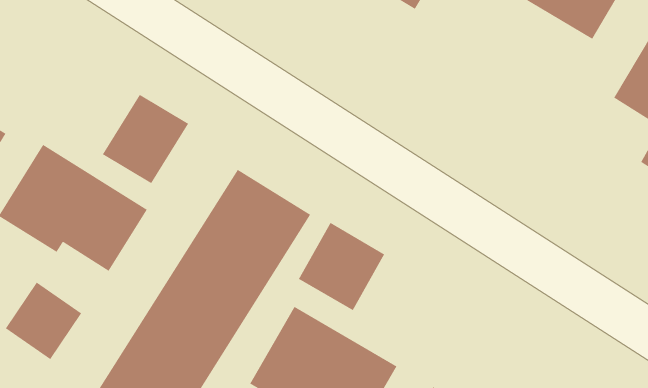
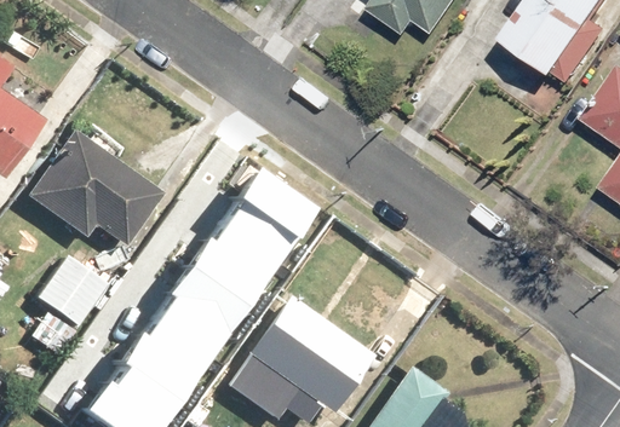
building: [102,94,189,184] -> none
building: [298,222,385,311] -> none

